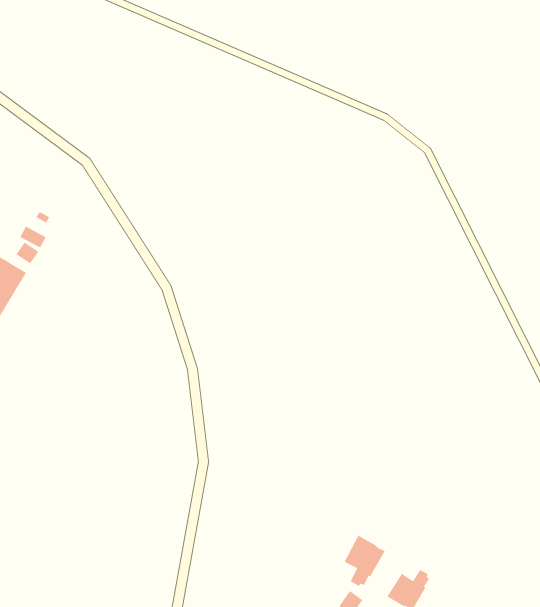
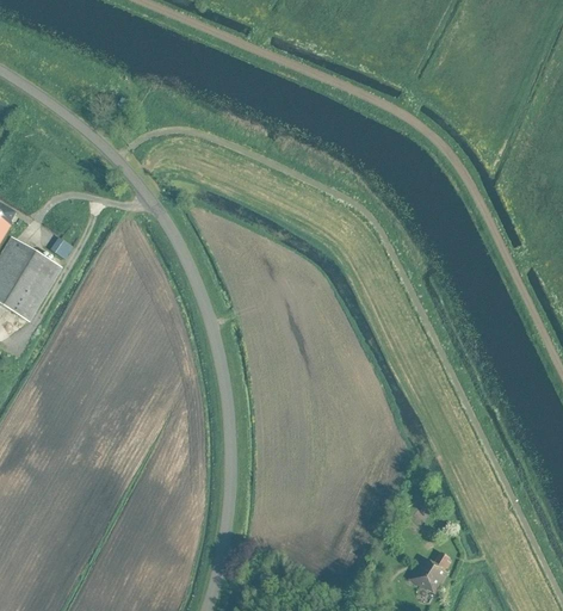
building: [344,535,386,587] -> none

